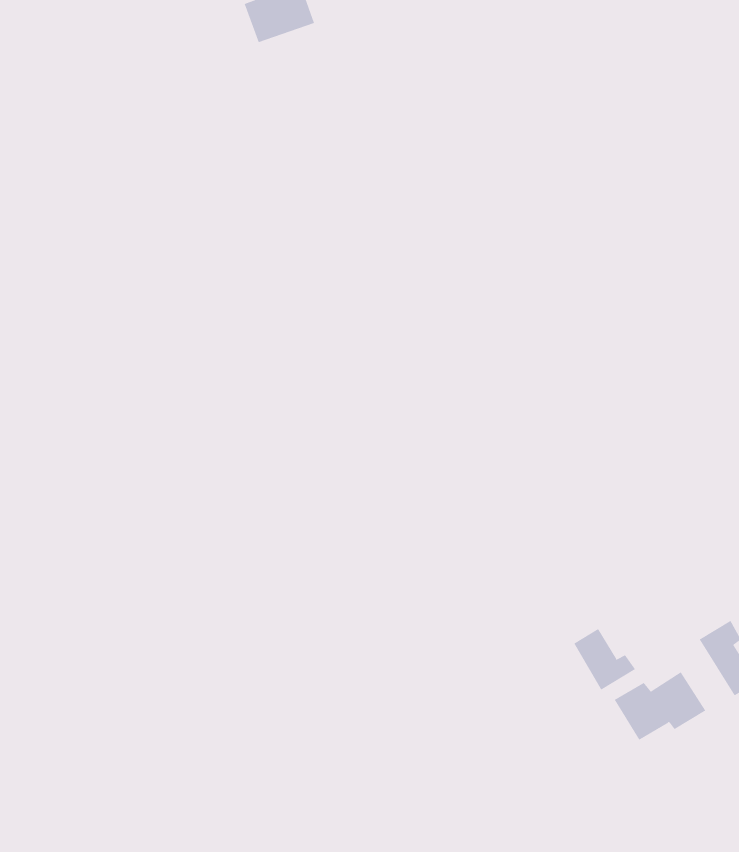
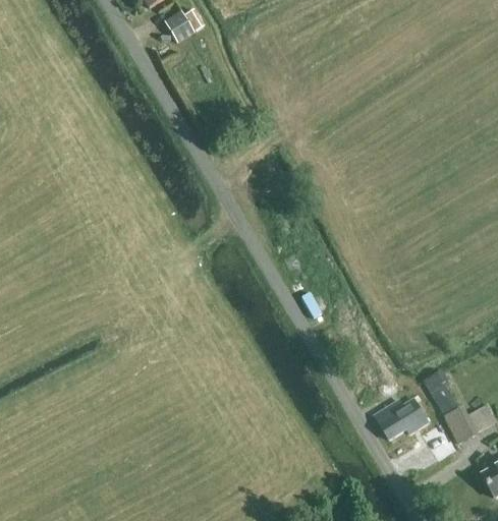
building: [573,628,636,691] -> none

